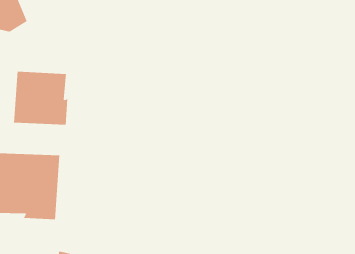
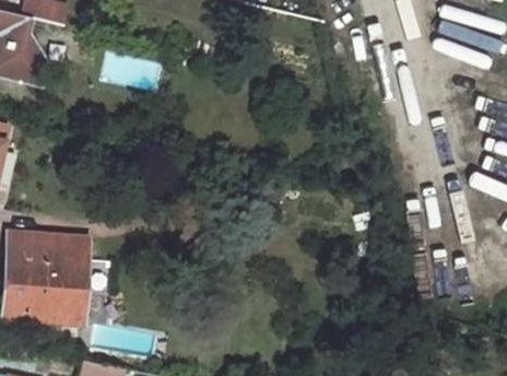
building: [14,71,68,126] -> none

